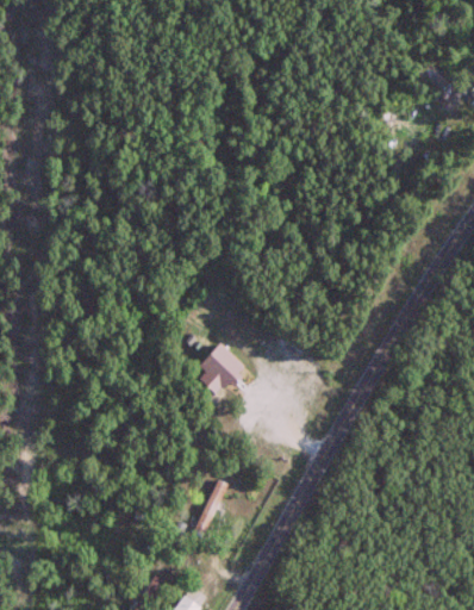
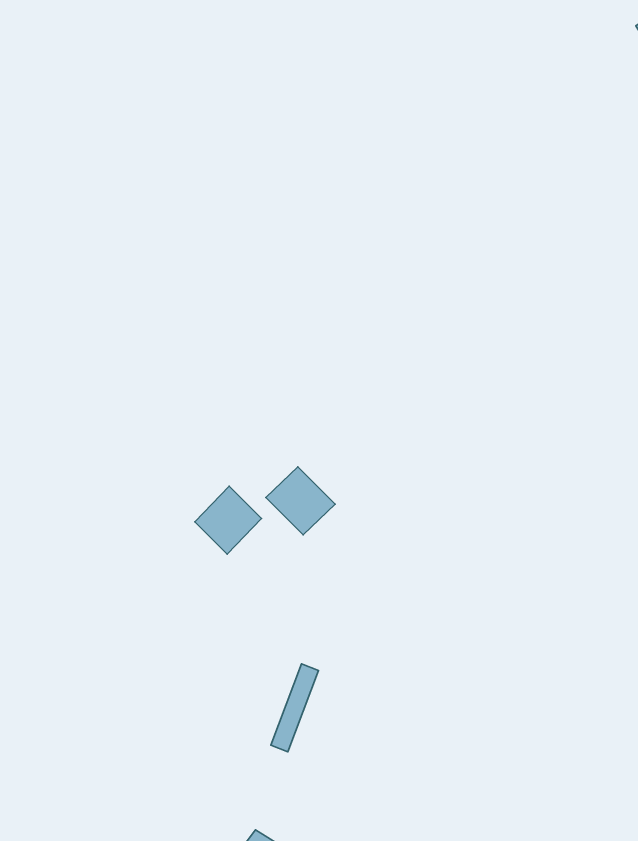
building: none -> [195,486,261,554]

